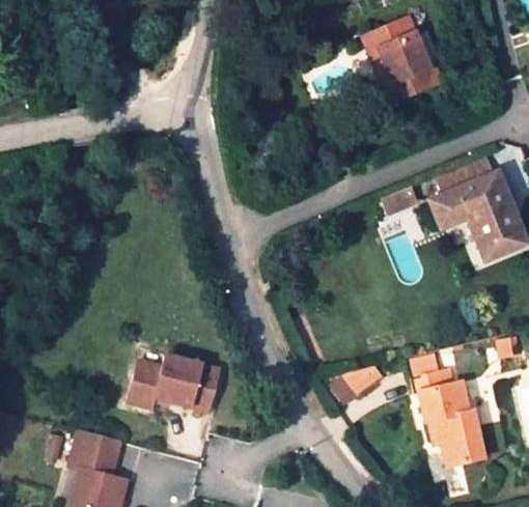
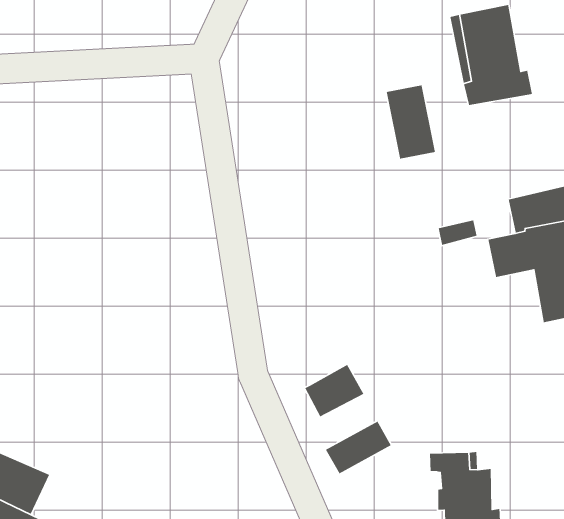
building: none -> [386,85,436,159]
building: none -> [304,364,365,418]
building: [118,358,207,413] -> none

